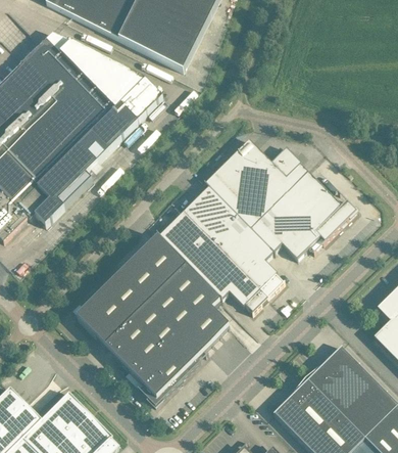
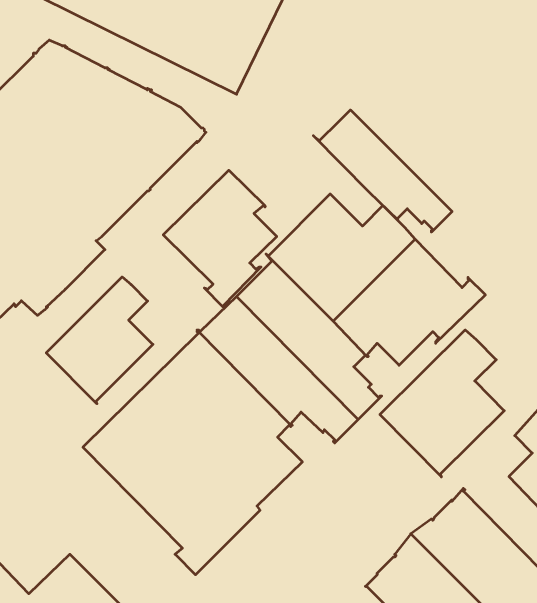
building: none -> [313,110,452,232]
building: none -> [163,170,277,307]
building: none -> [46,277,153,404]
building: none -> [380,330,504,477]

